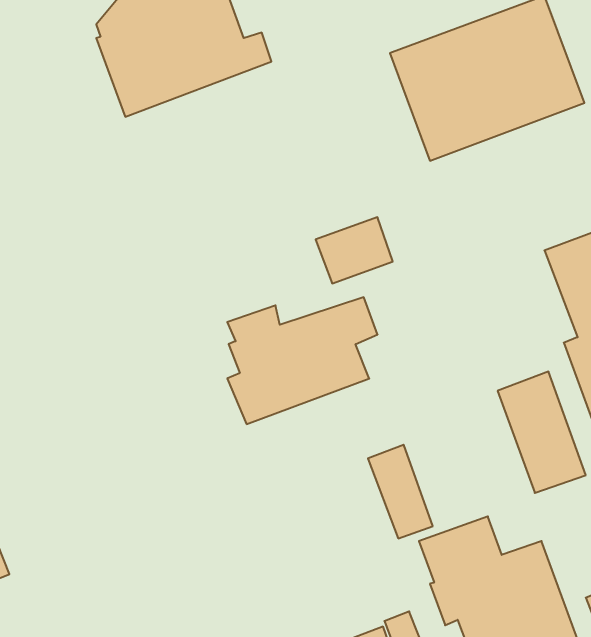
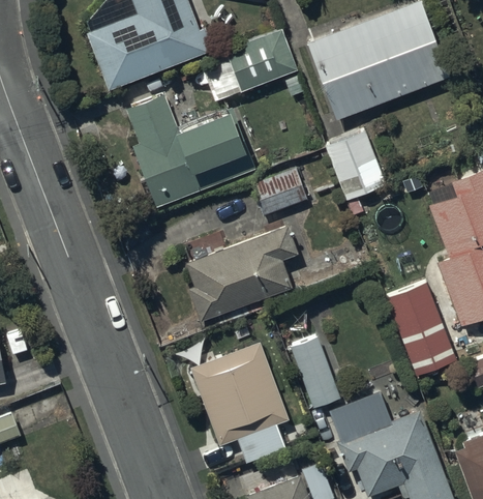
building: none -> [204,29,300,105]
building: none -> [125,93,258,207]
building: none -> [325,131,386,201]
building: none -> [187,341,290,461]

